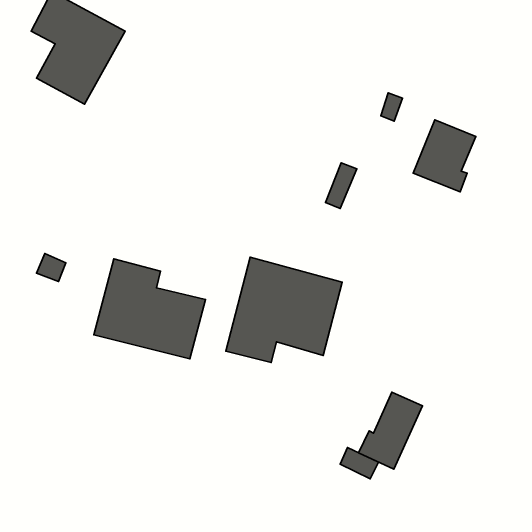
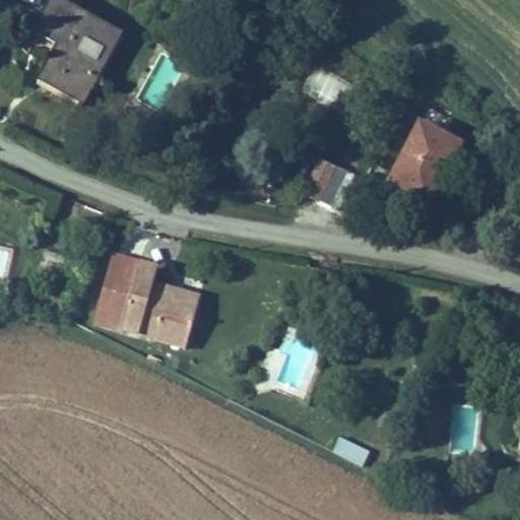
building: [226,257,342,362] -> none
building: [359,392,423,469] -> none

